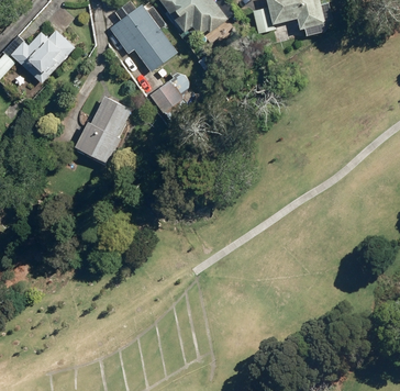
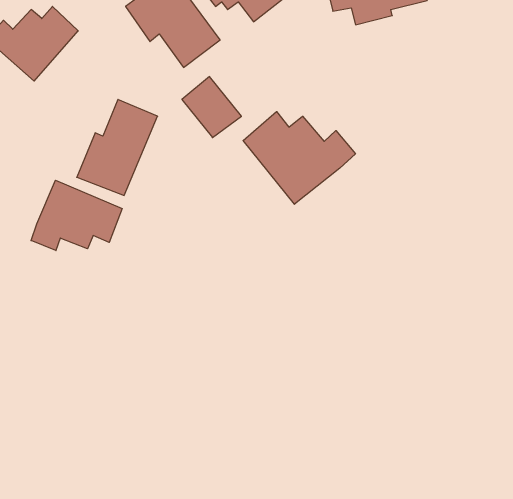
building: none -> [243,112,355,204]
building: none -> [31,180,122,251]

